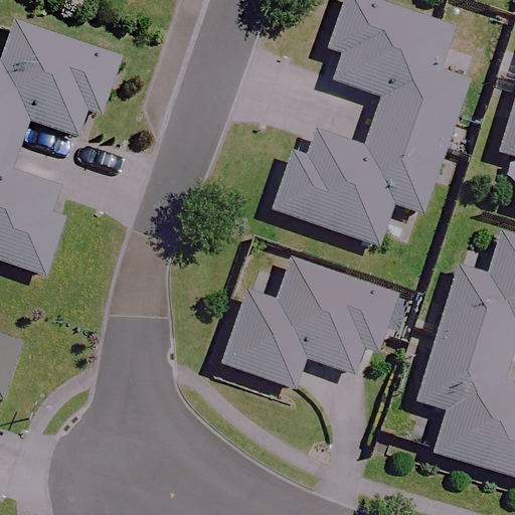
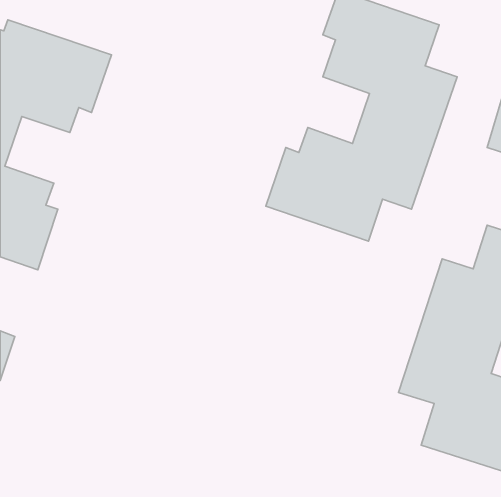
building: [221,256,397,387] -> none

